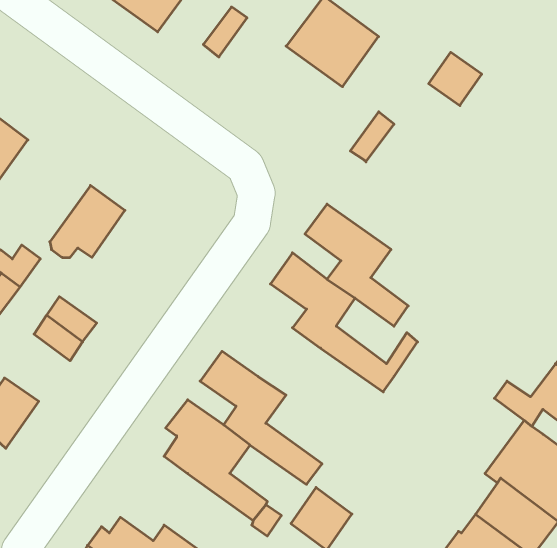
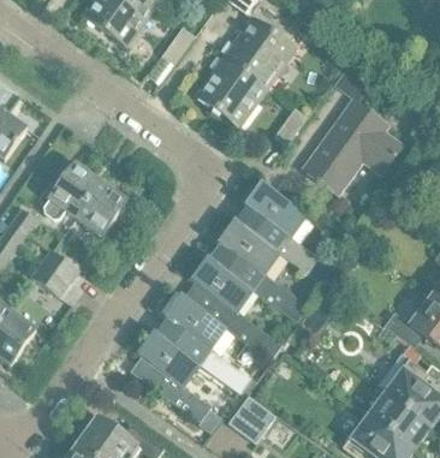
building: none -> [196,56,267,126]
building: none -> [309,102,400,185]
building: none -> [75,183,126,238]
building: none -> [184,254,283,359]

